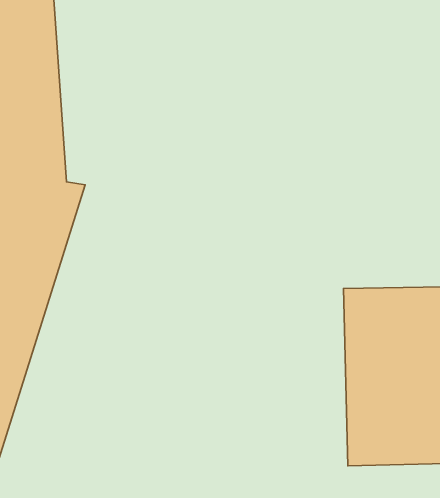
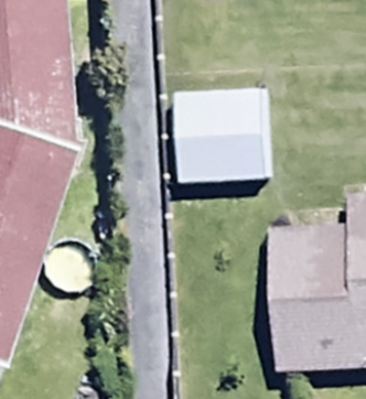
building: none -> [184,85,276,182]

